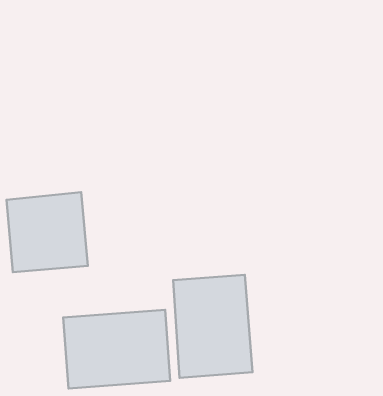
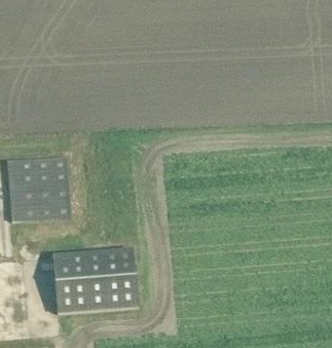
building: [173,275,252,378] -> none

